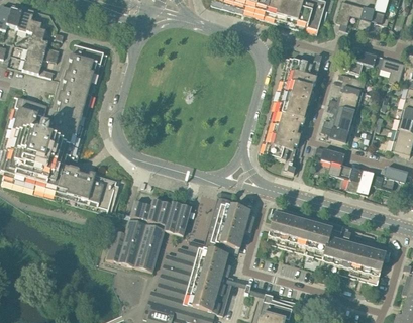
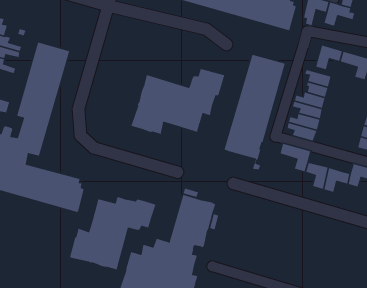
building: none -> [130,68,225,135]
building: [266,209,386,284] -> none

